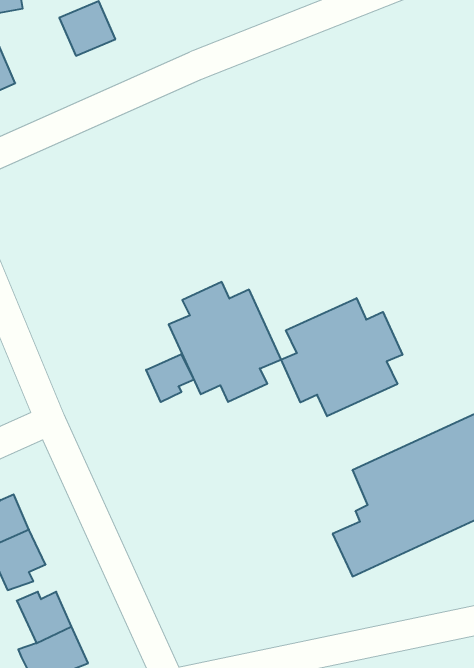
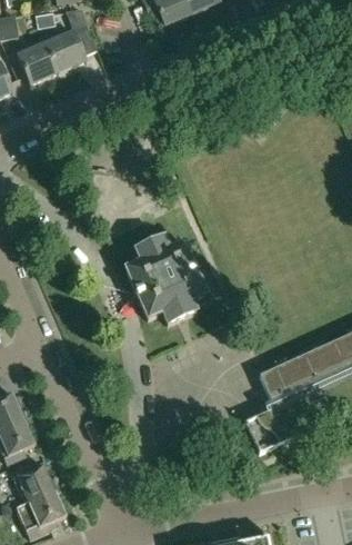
building: none -> [17,43,57,83]
building: [281,298,402,416] -> none
building: [146,354,194,402] -> none

